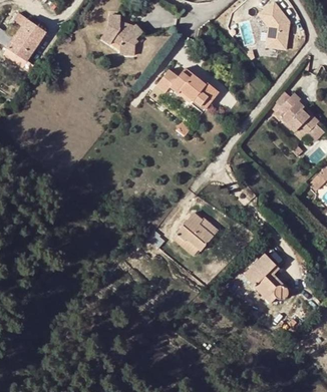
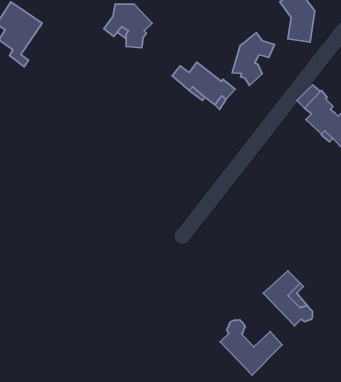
building: none -> [232,33,275,85]
building: [173,213,219,256] -> none
building: none -> [220,320,282,375]

